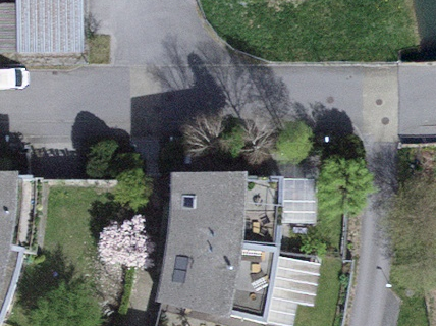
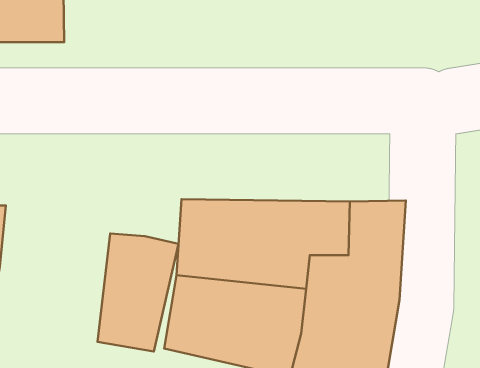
building: none -> [97,233,179,352]

